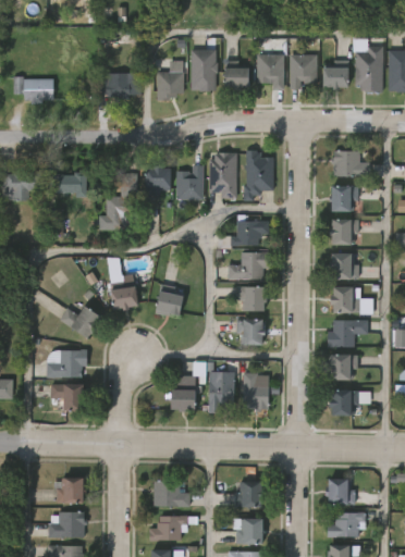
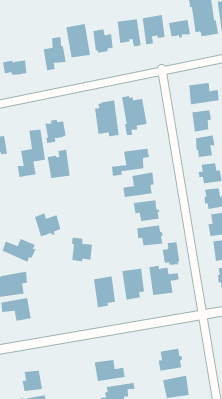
building: [176,164,204,199] -> [47,149,71,179]
building: [156,282,186,315] -> [71,237,93,262]
building: none -> [162,242,180,266]

